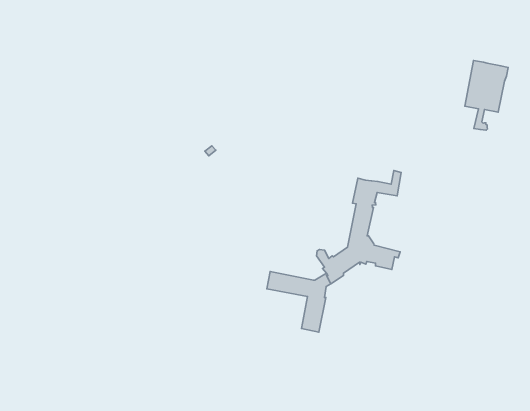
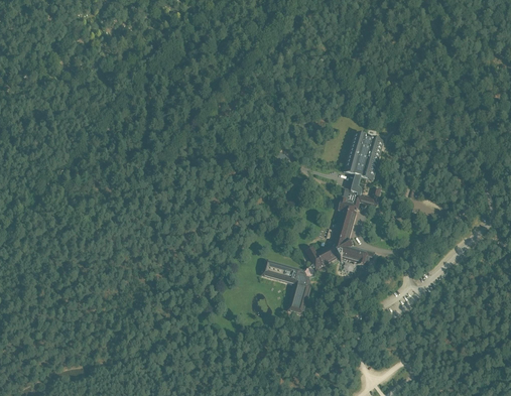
building: [465,60,508,130] -> [346,133,384,191]

